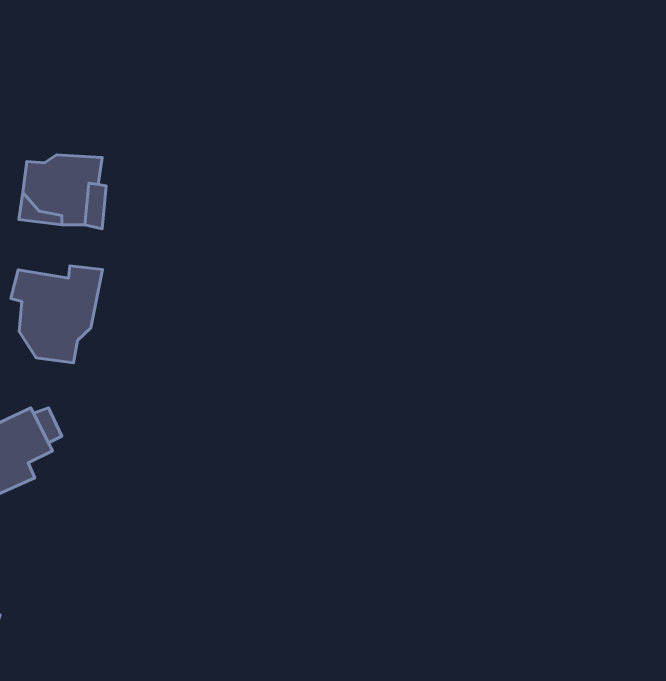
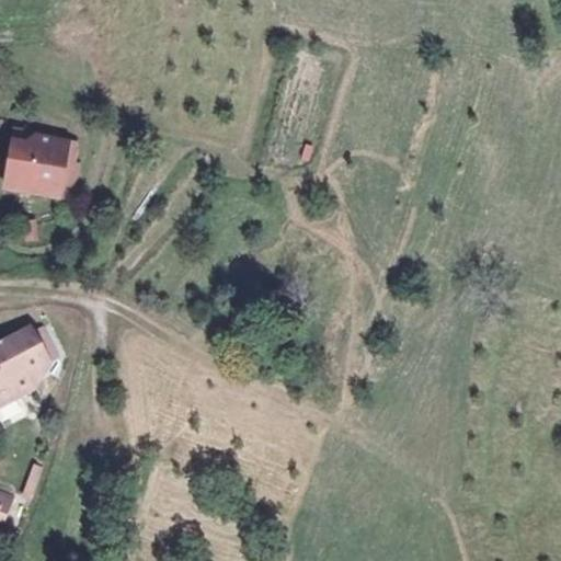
building: [11,266,103,363] -> none

